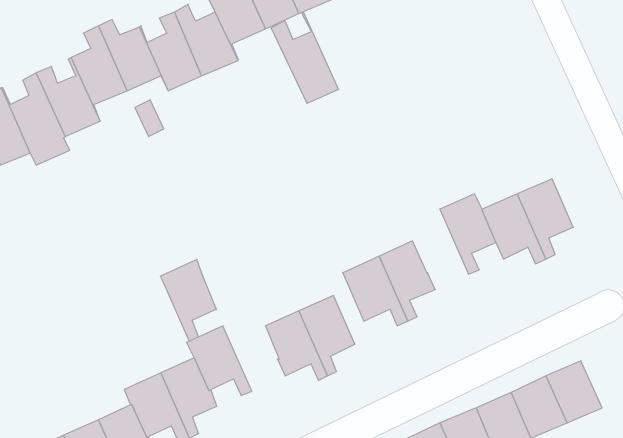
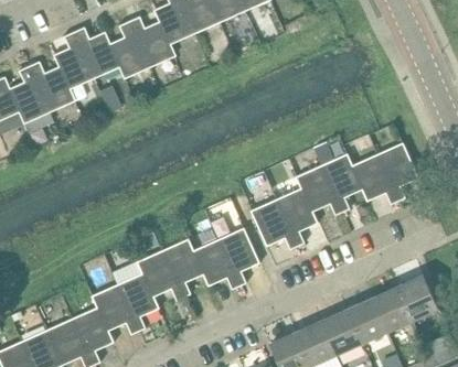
building: [271,12,338,104] -> none
building: none -> [295,165,341,216]
building: [160,259,217,341] -> [162,238,203,298]

